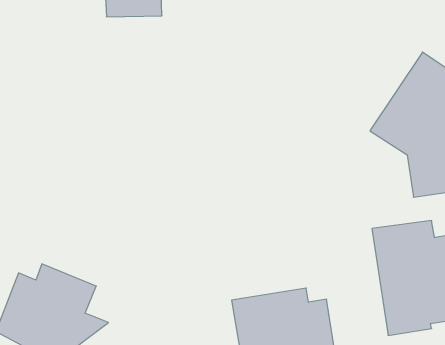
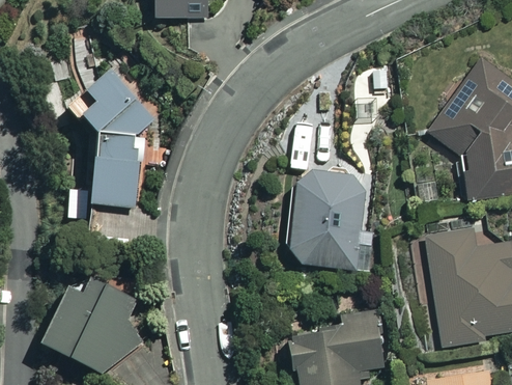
building: none -> [60,62,157,212]
building: none -> [286,172,367,270]

